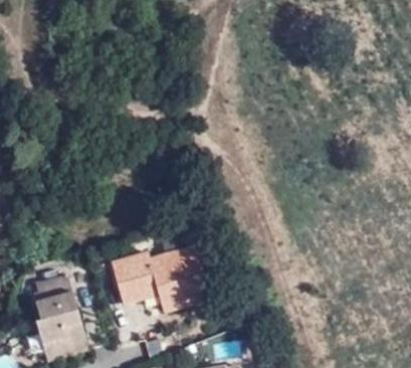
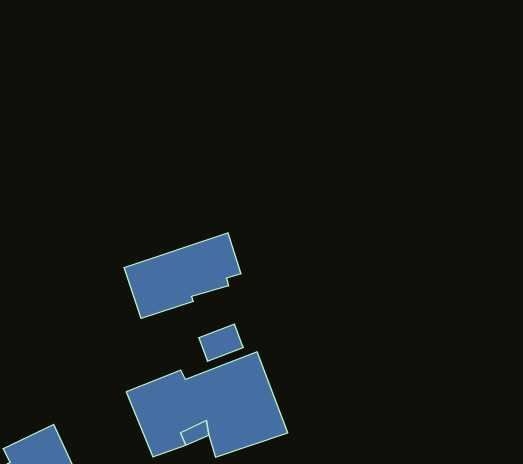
building: none -> [124,233,241,318]

